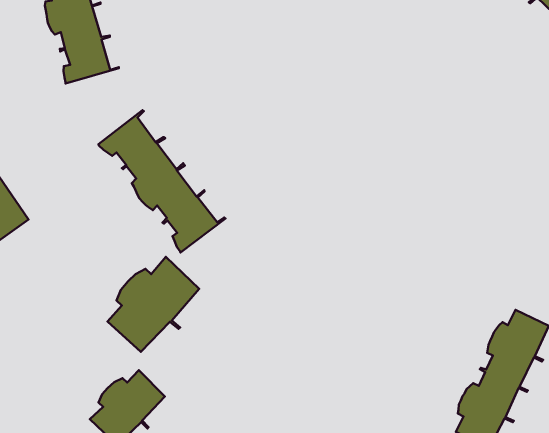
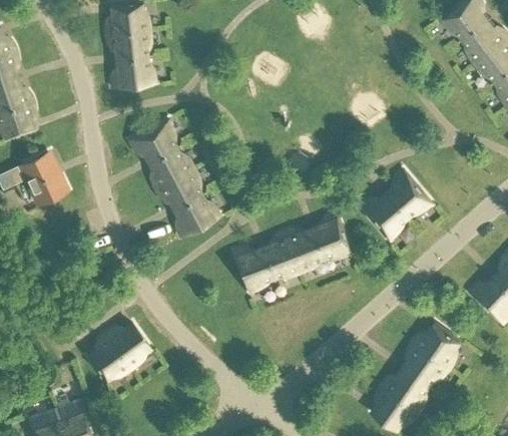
building: none -> [363,172,433,243]
building: none -> [233,214,351,295]
building: [107,257,199,352] -> none

